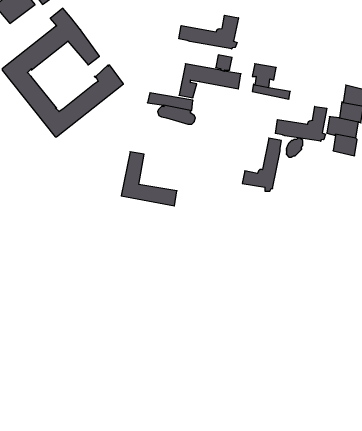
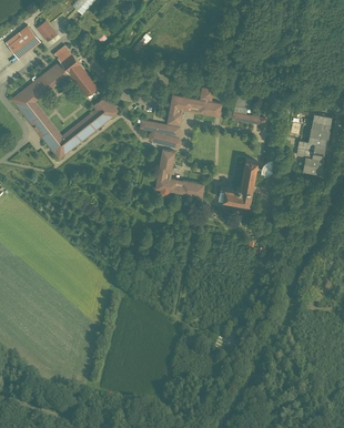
building: [179,15,238,49] -> none
building: [275,106,327,141] -> none
building: [121,152,177,206] -> [154,150,203,197]

